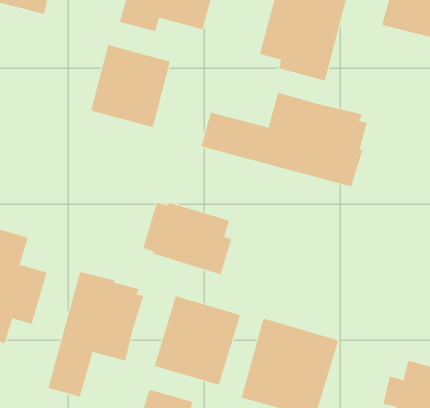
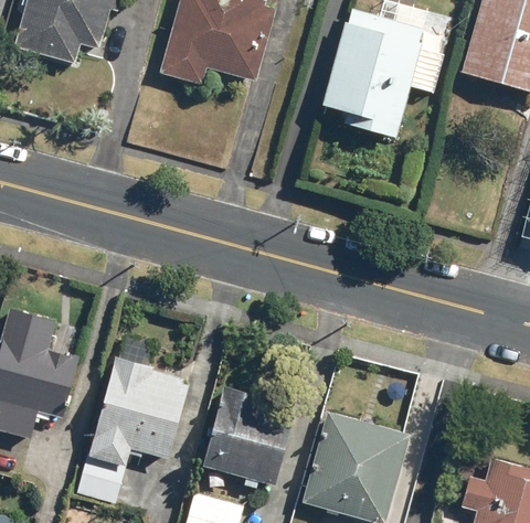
building: [90,44,171,128] -> none
building: [201,92,368,187] -> none
building: [143,202,232,275] -> none

